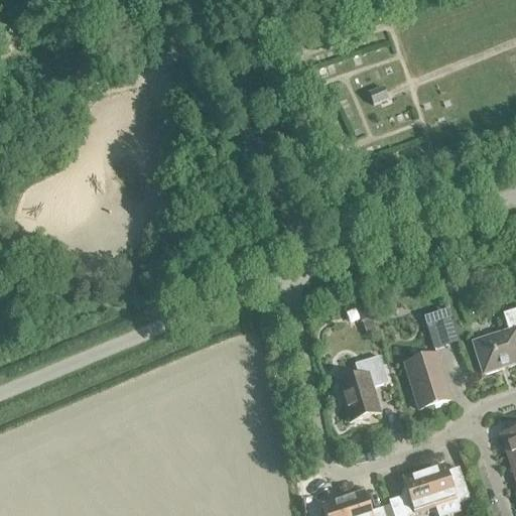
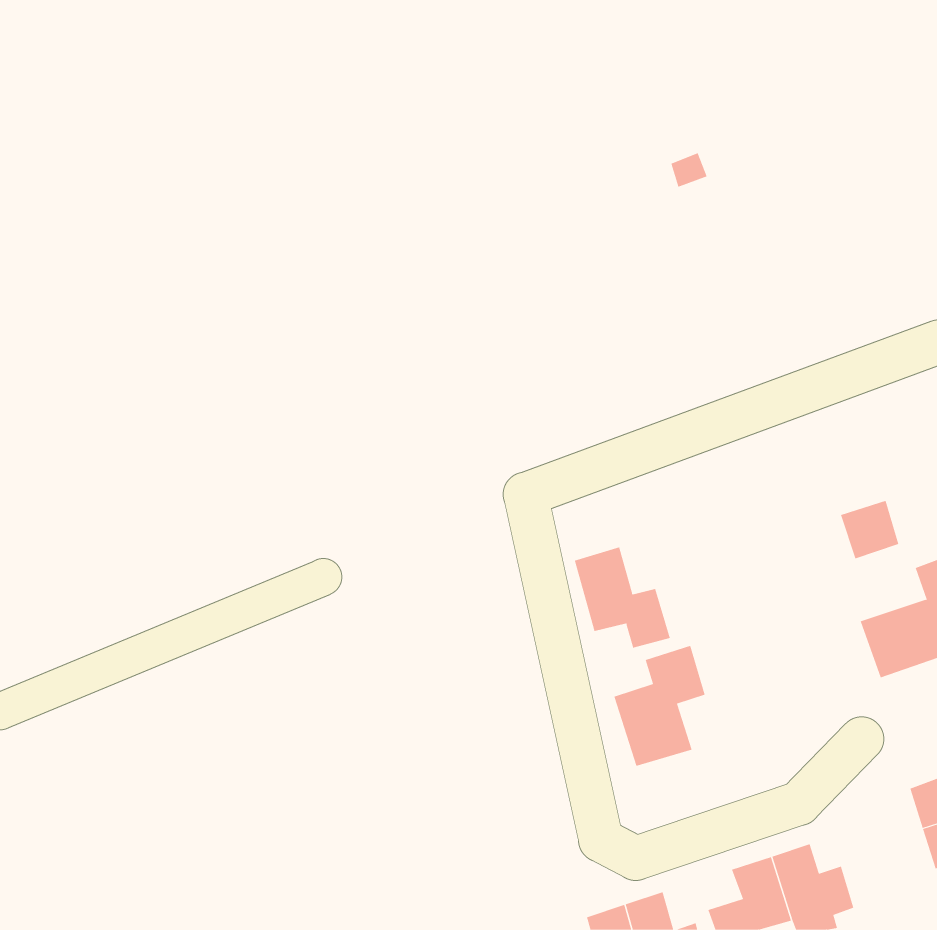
building: none -> [574,546,670,648]
building: [426,314,459,347] -> [840,500,899,559]
building: [405,352,450,407] -> none

